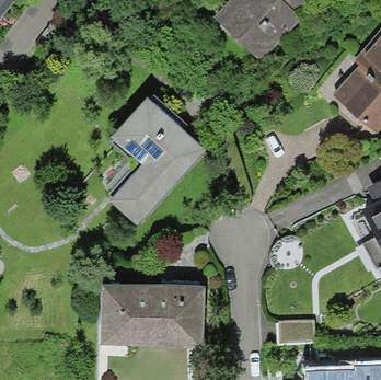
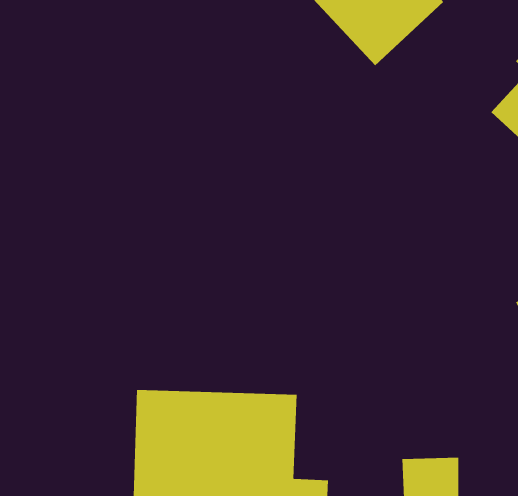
building: [108,90,210,226] -> none

